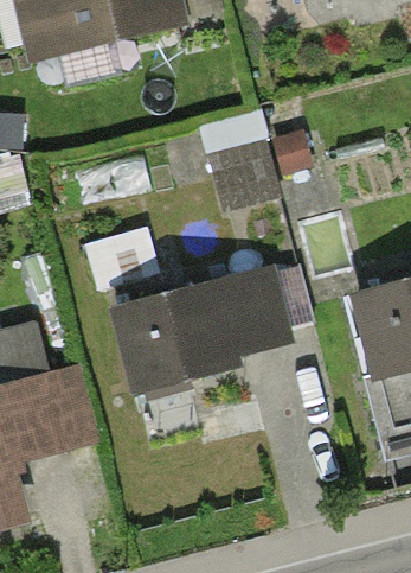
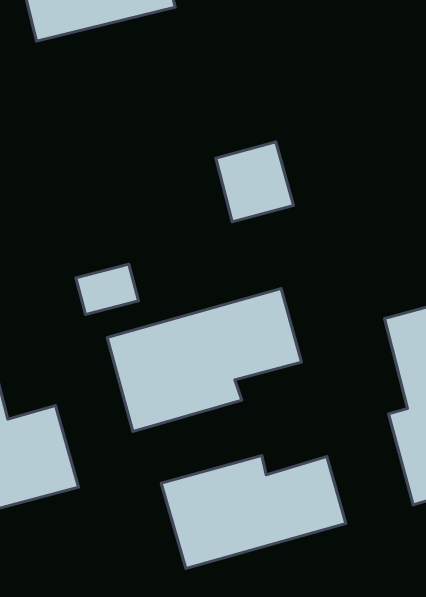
building: none -> [161,456,346,569]

